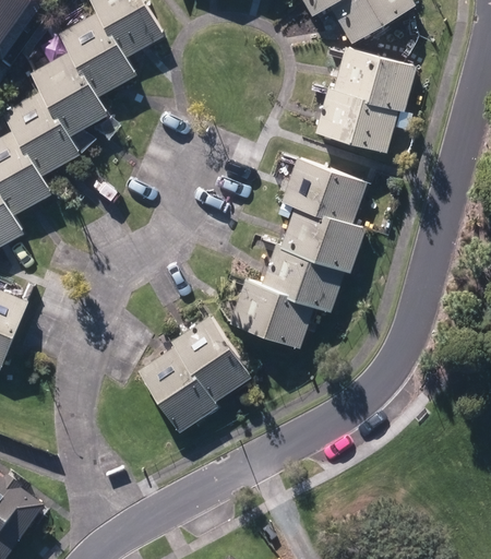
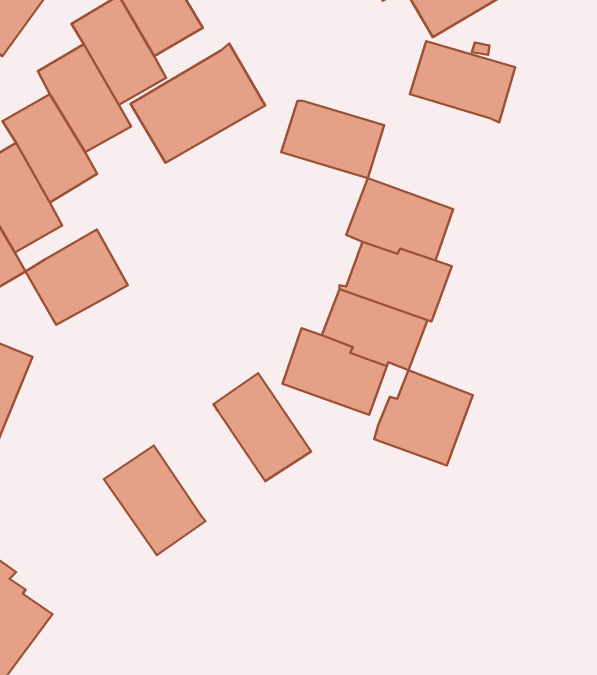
building: none -> [130,43,265,163]
building: [315,88,398,151] -> [281,101,384,178]
building: none -> [26,229,128,325]
building: none -> [374,370,473,465]
building: [137,344,219,432] -> [104,445,205,555]

